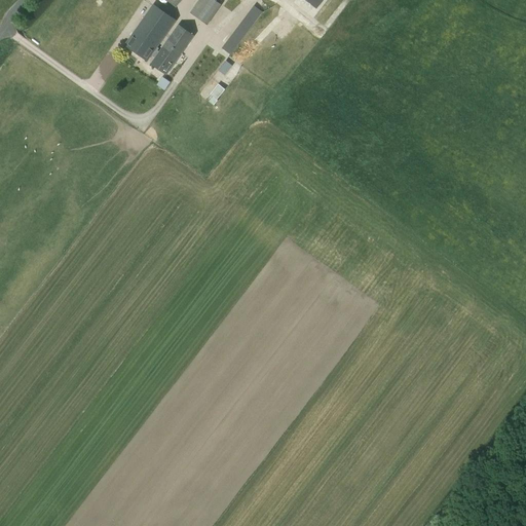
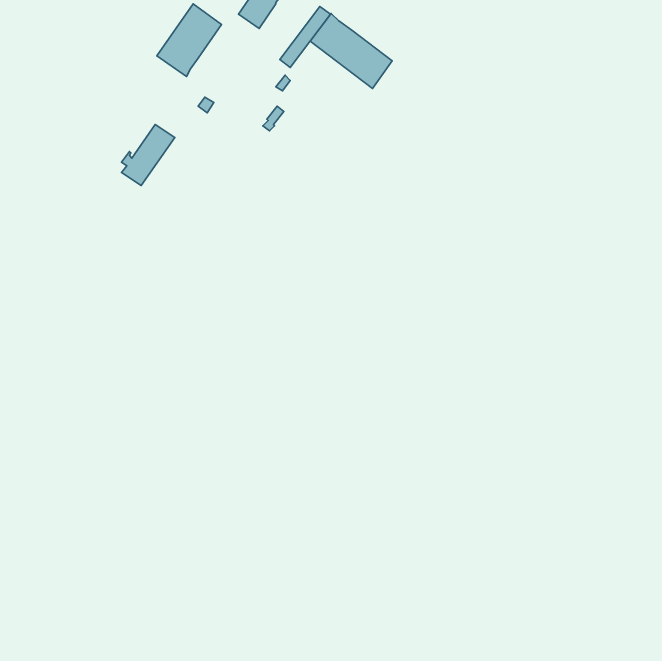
building: none -> [310,13,392,88]
building: [151,25,193,73] -> [122,124,175,185]

